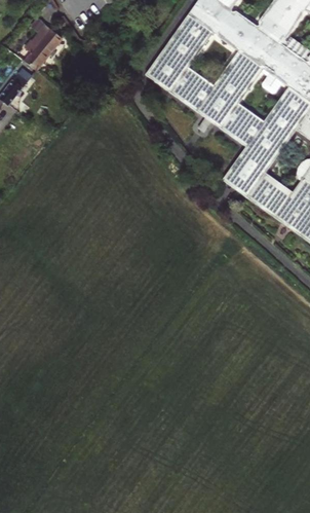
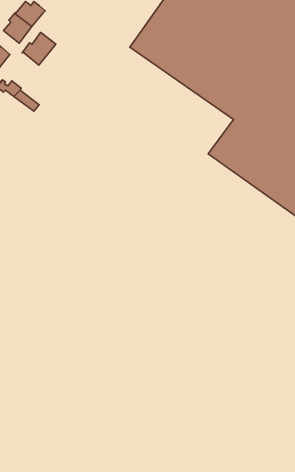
building: none -> [22,32,56,65]

